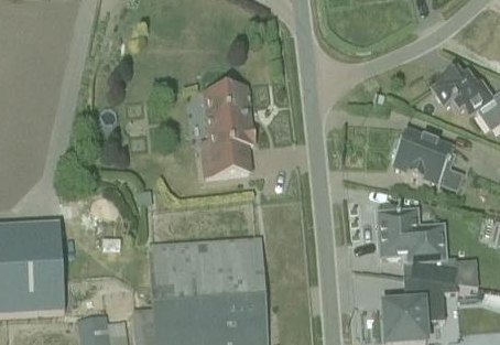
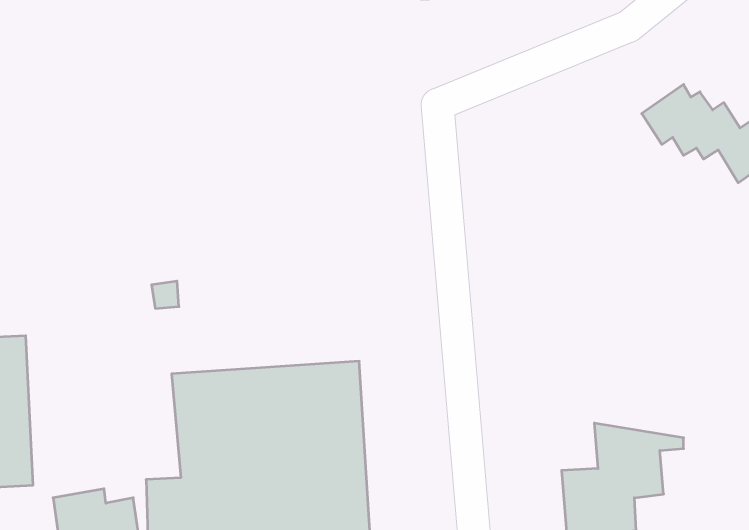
building: [199,85,256,175] -> none
building: [391,126,463,187] -> none
building: [378,201,478,283] -> none

